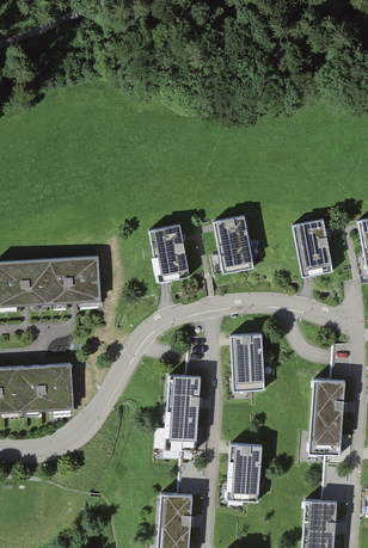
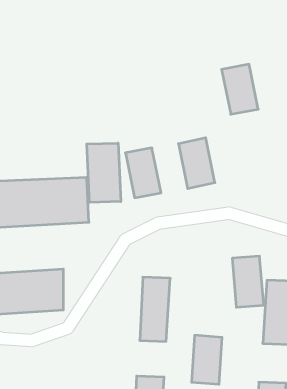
building: none -> [87,143,121,202]
building: [289,217,332,276] -> [222,64,258,114]
building: [228,330,265,389] -> [232,256,264,307]

